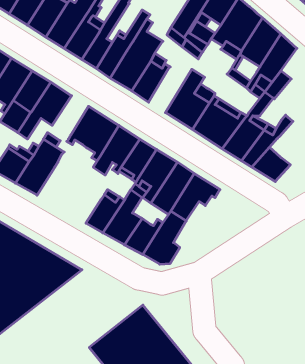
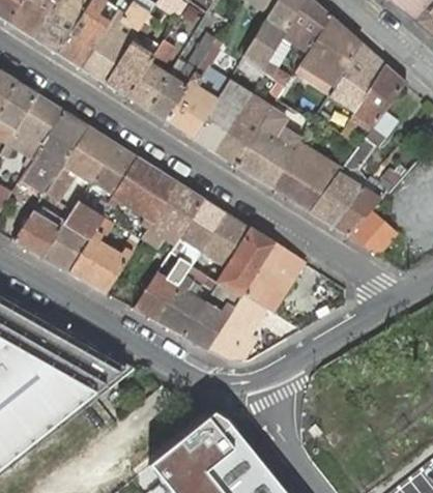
building: none -> [214,97,270,165]
building: none -> [91,143,137,199]
building: none -> [70,219,141,292]

